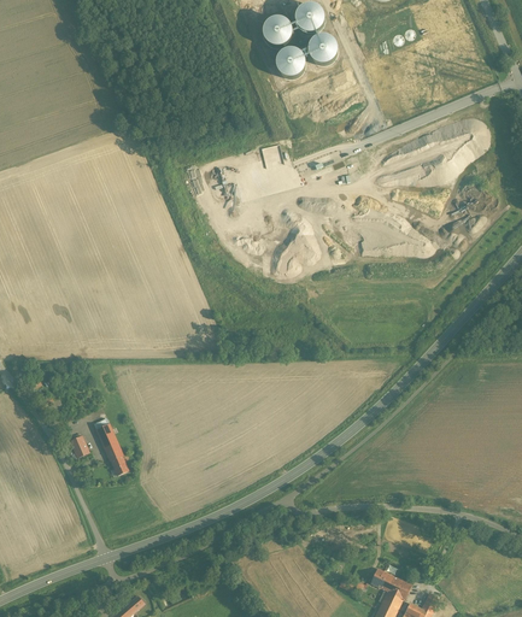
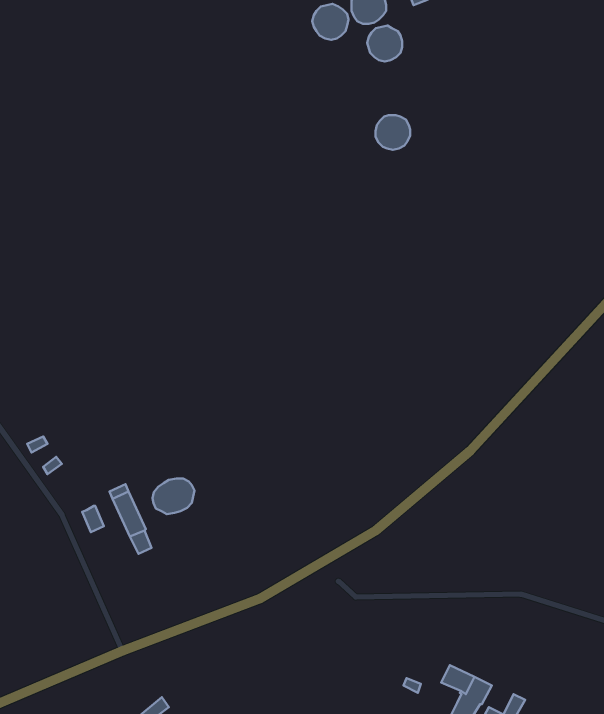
building: [275,48,304,77] -> [376,115,410,150]
building: none -> [152,478,194,514]

